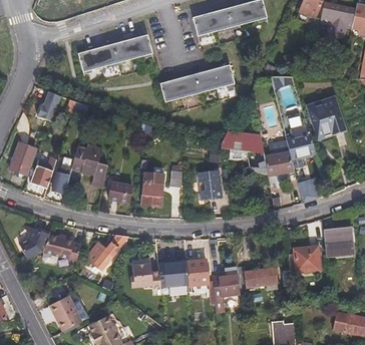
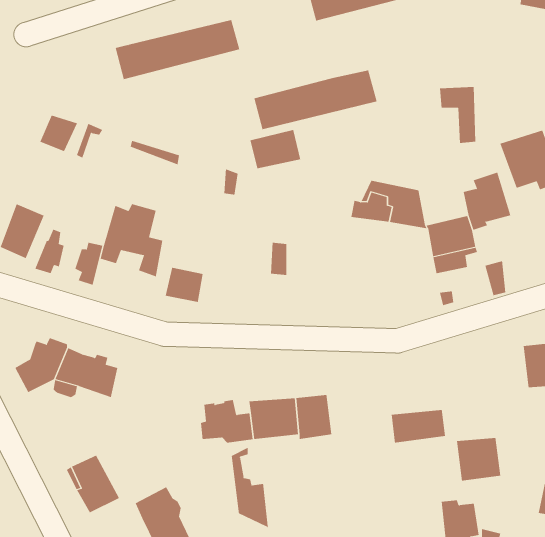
building: none -> [250,129,301,169]
building: [198,171,223,202] -> none
building: [142,174,163,208] -> none
building: [84,233,127,268] -> none
building: [293,246,320,272] -> [456,437,501,481]
building: [219,274,241,296] -> none
building: none -> [231,447,268,529]

